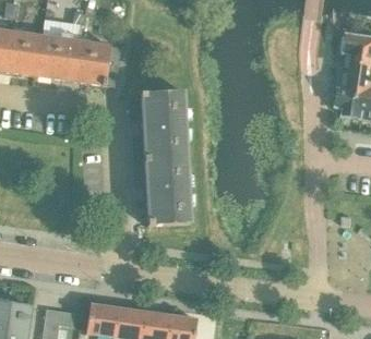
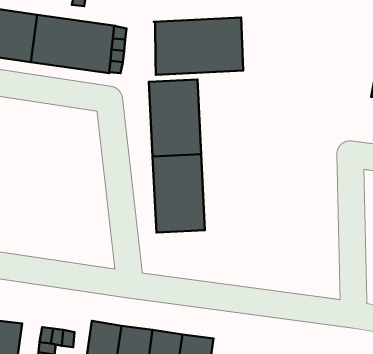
building: none -> [154,17,243,75]

